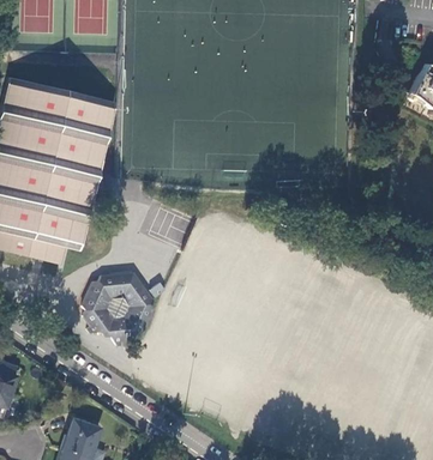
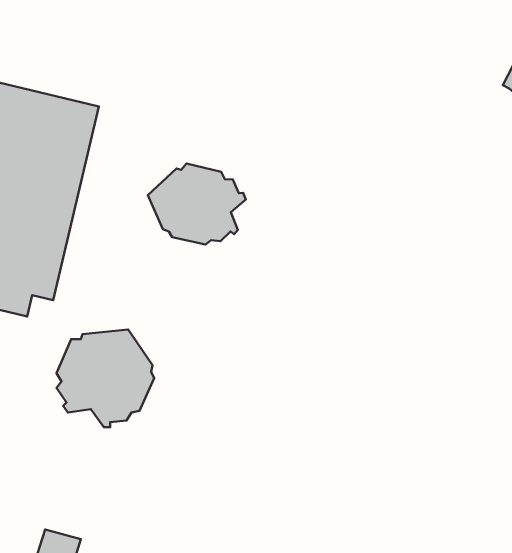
building: none -> [148,164,246,244]

